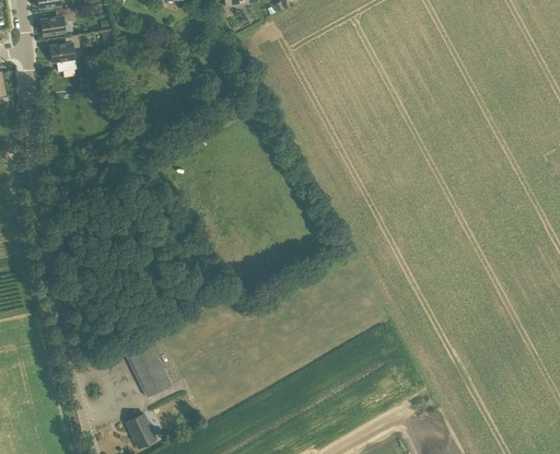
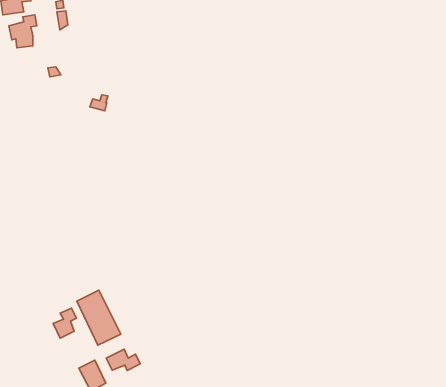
building: none -> [53,308,77,338]
building: none -> [106,349,140,370]

